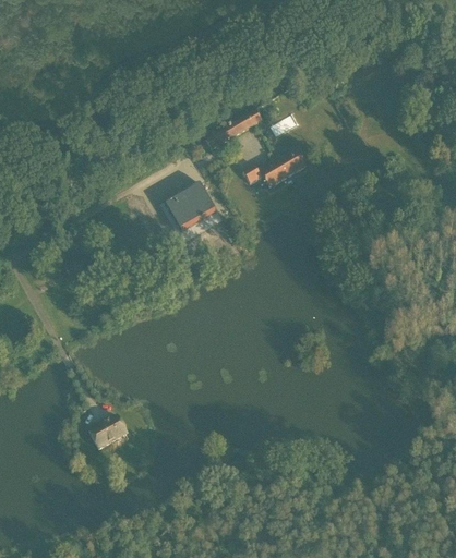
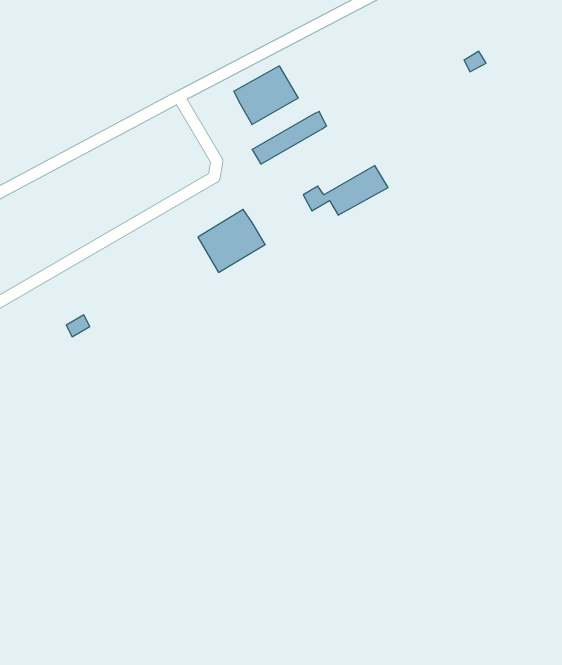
building: none -> [234,66,298,125]
building: [91,415,129,449] -> none

